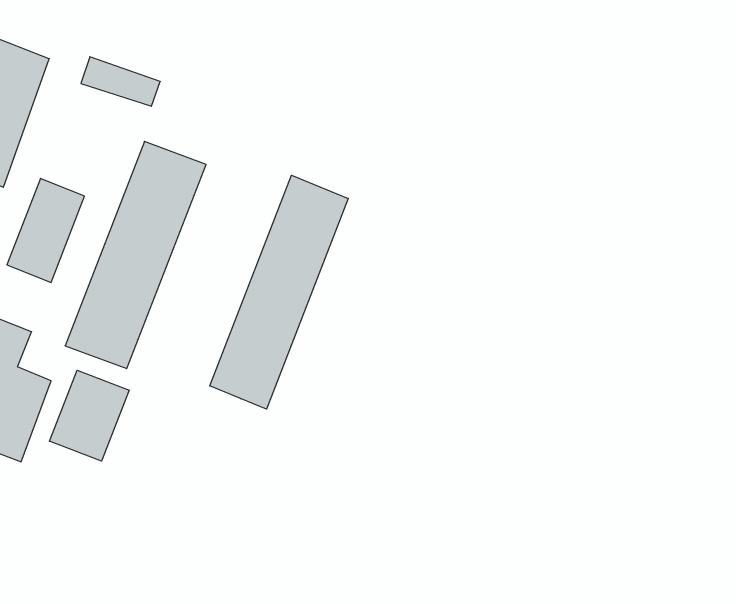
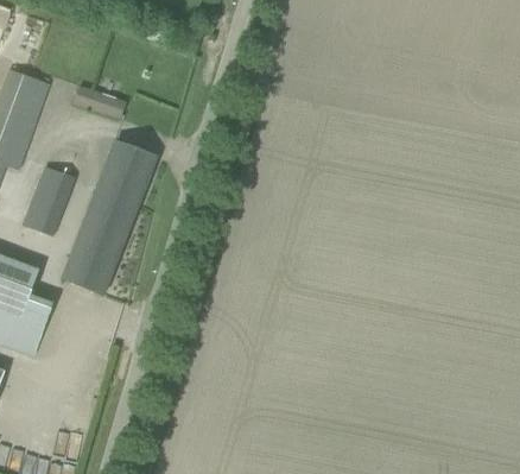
building: [210,175,348,409] -> none
building: [49,370,129,461] -> none

